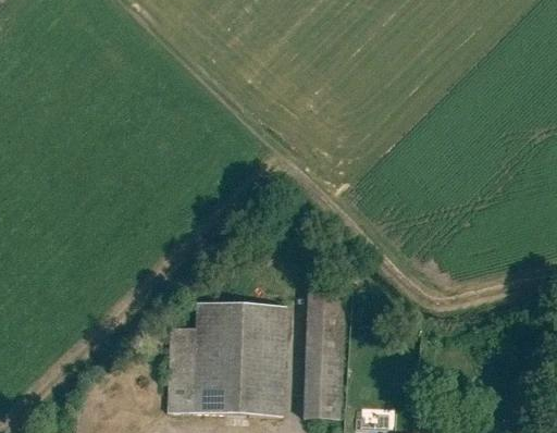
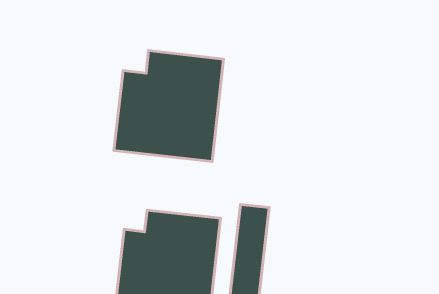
building: none -> [114,51,223,161]

